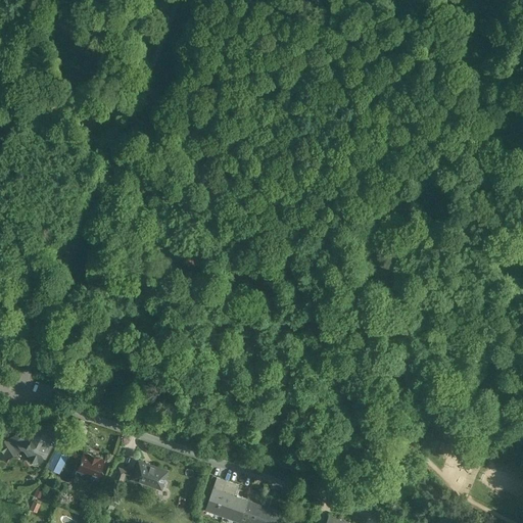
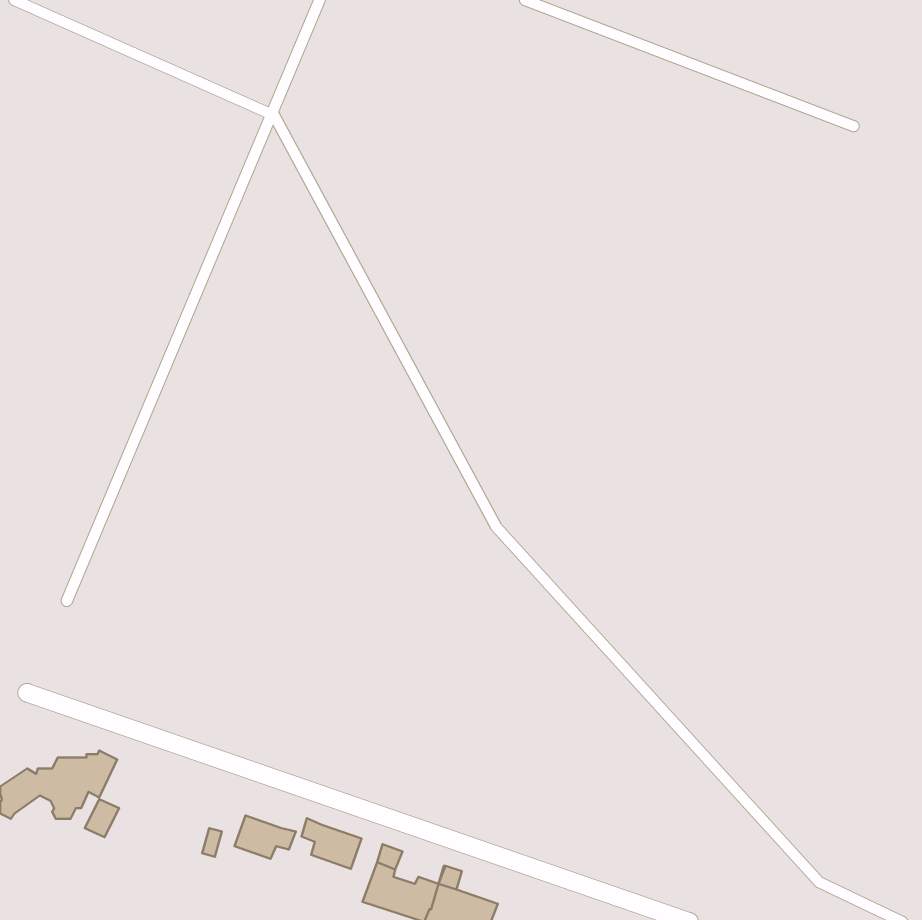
building: [78,455,104,480] -> none
building: none -> [301,818,361,869]

